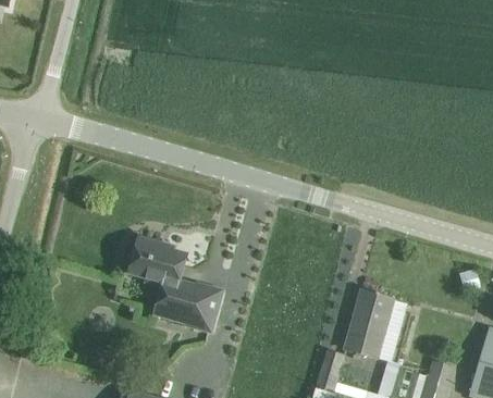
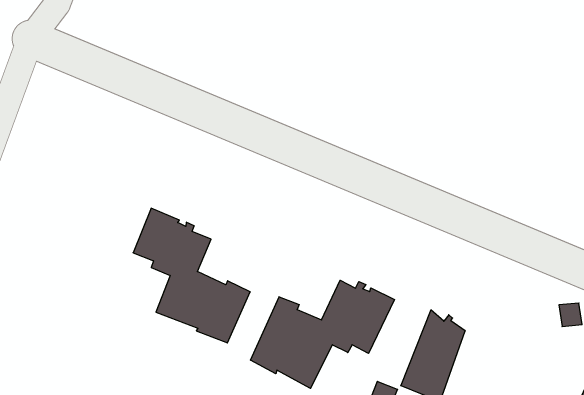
building: none -> [251,280,394,388]

